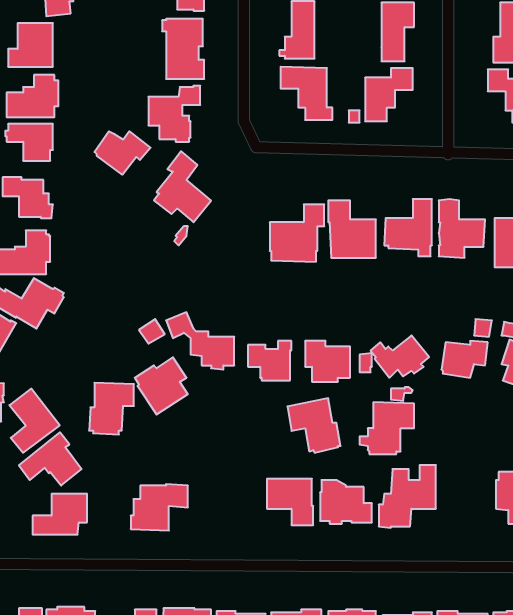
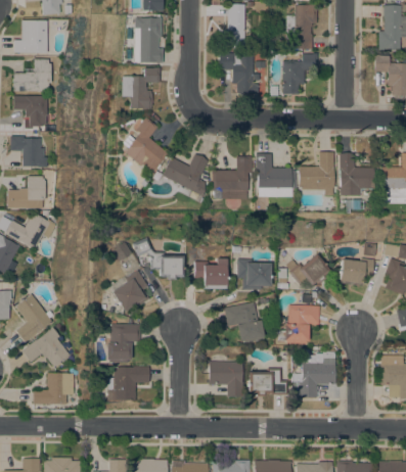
building: [94,131,151,175] -> none
building: none -> [161,154,208,201]
building: [89,383,134,435] -> [105,324,139,363]

